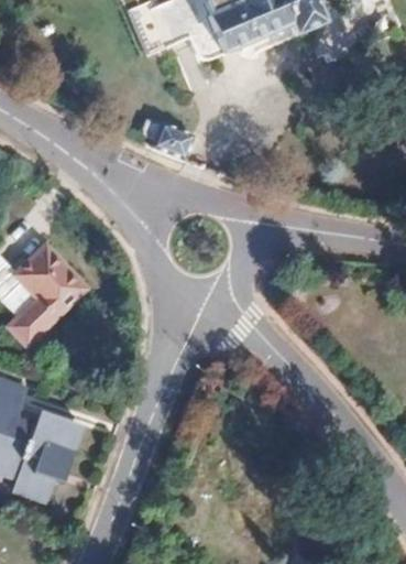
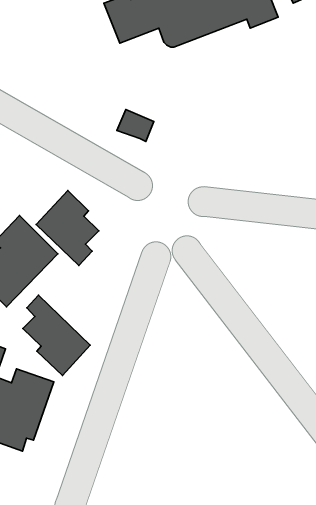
building: none -> [36,191,99,265]
building: none -> [23,295,90,376]

